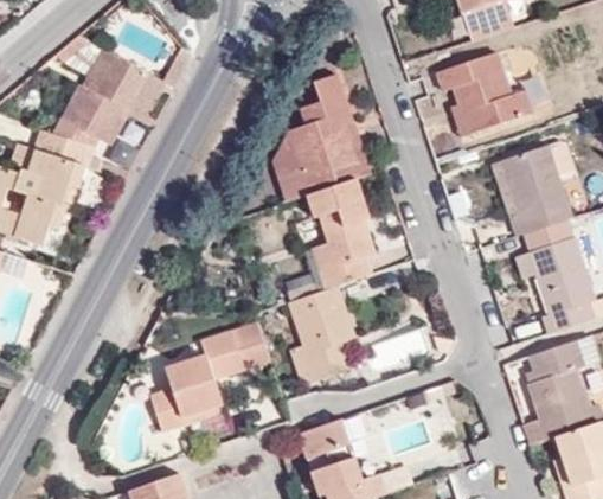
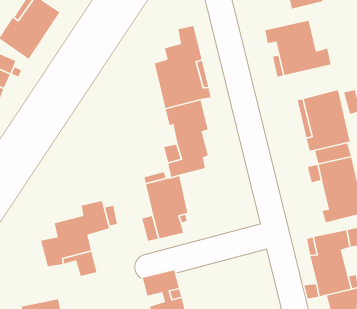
building: [270,132,307,201] -> none

